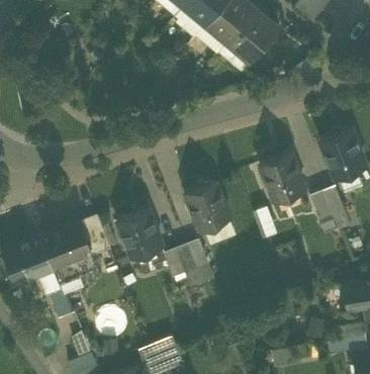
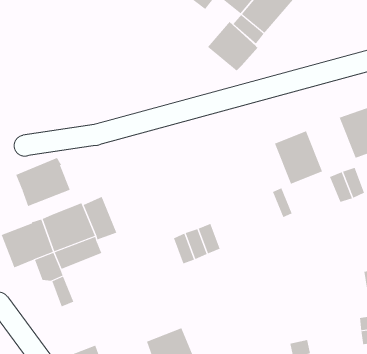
building: none -> [207,21,259,72]
building: none -> [15,157,71,207]
building: [184,182,229,232] -> none
building: [117,208,163,259] -> none

